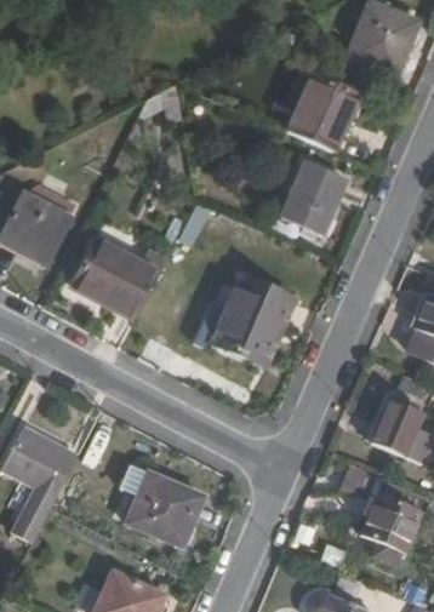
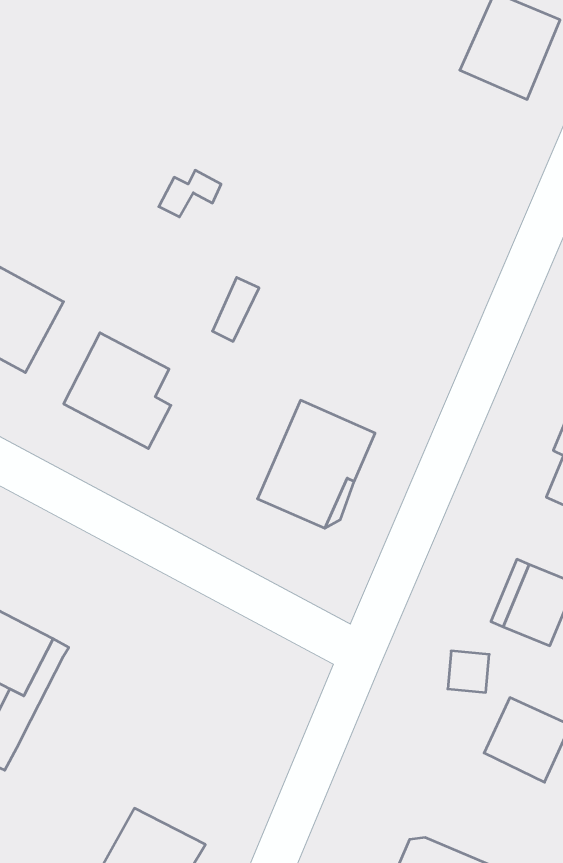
building: [287,73,358,150] -> none
building: [282,159,346,231] -> none
building: [130,474,201,545] -> none

